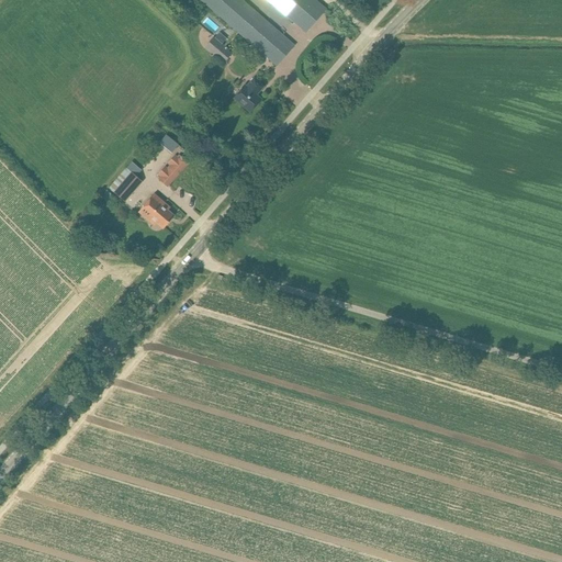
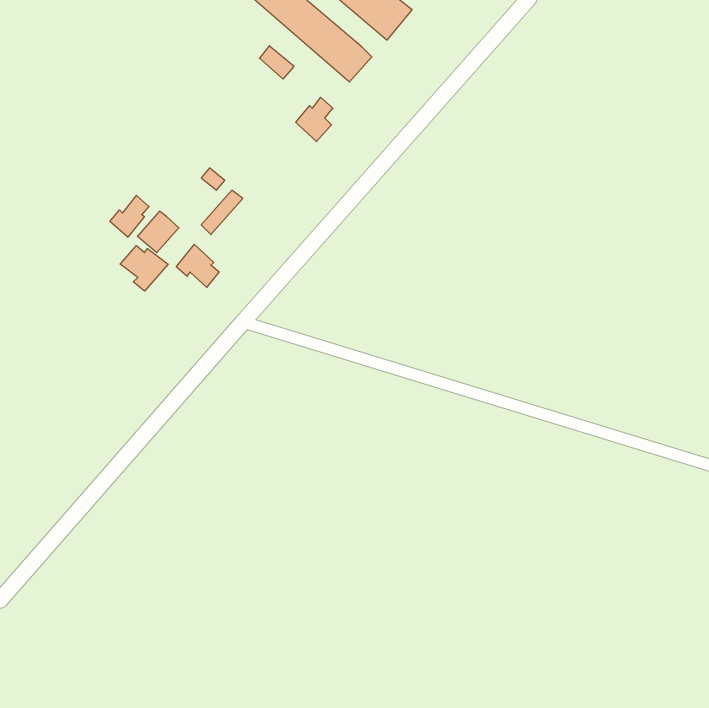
building: none -> [110,195,149,237]
building: none -> [120,246,168,291]

